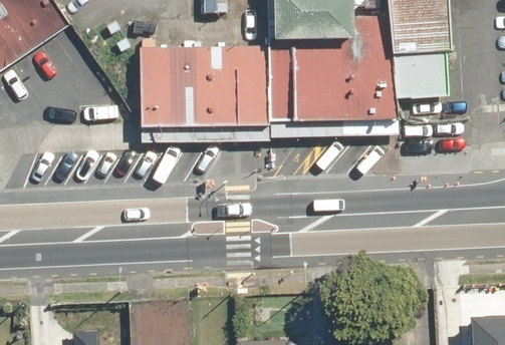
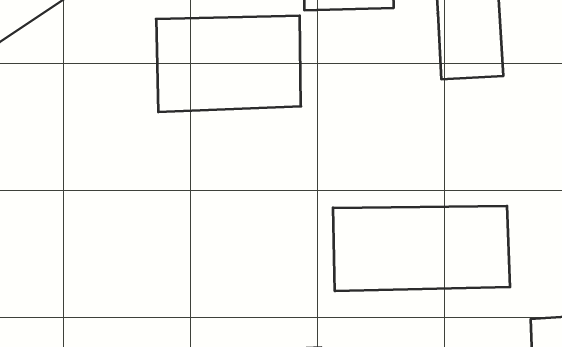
building: [268,43,400,125] -> none
building: none -> [333,206,510,291]

